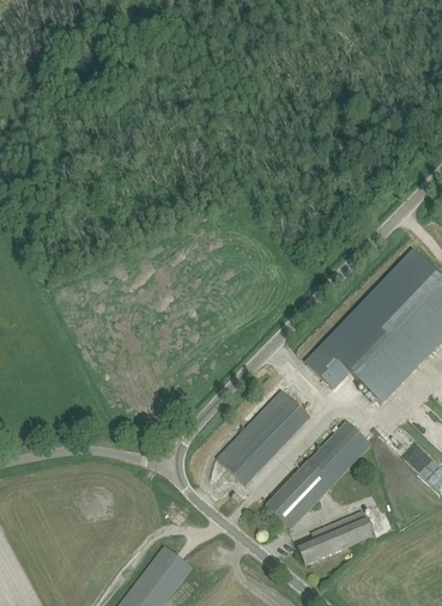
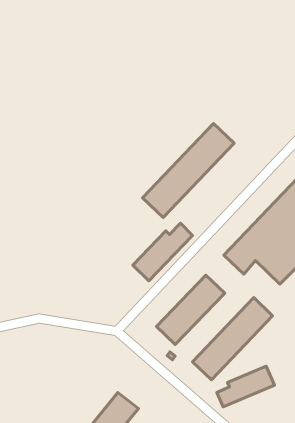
building: none -> [143,123,234,218]
building: none -> [133,223,193,281]

